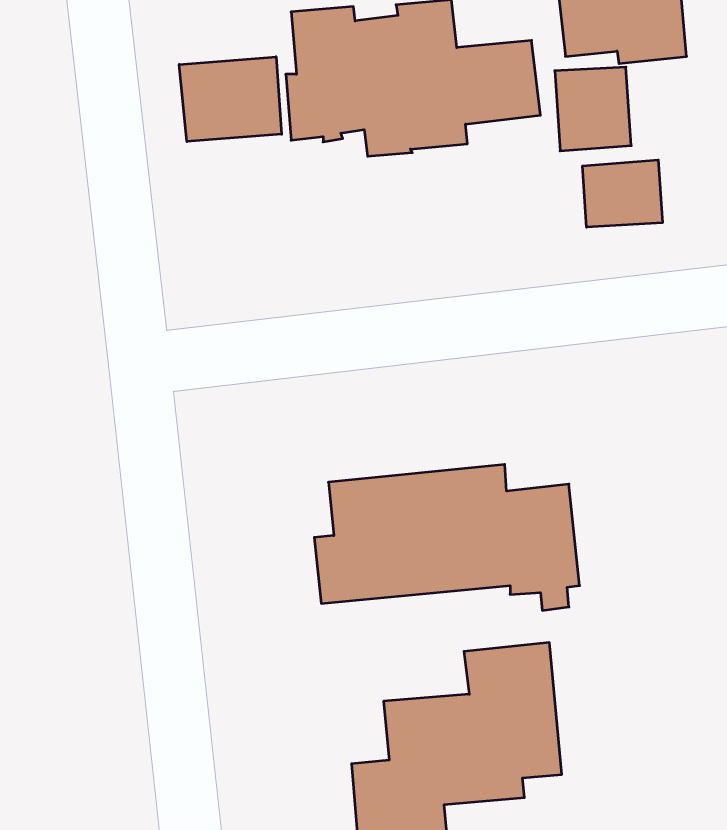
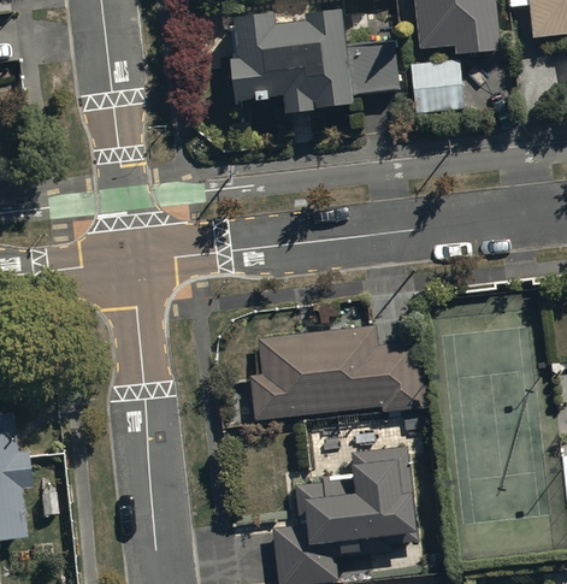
building: [179,57,282,142] -> none
building: [583,160,662,227] -> none

